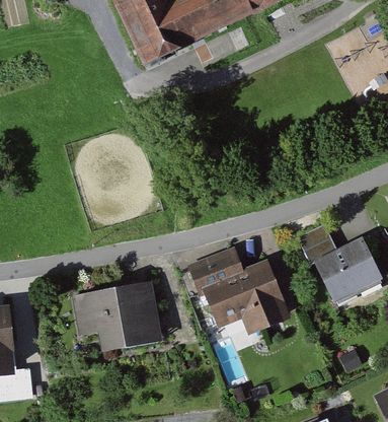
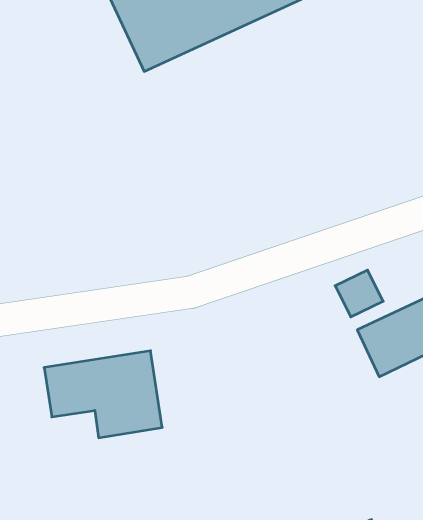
building: [188,249,294,335] -> none

